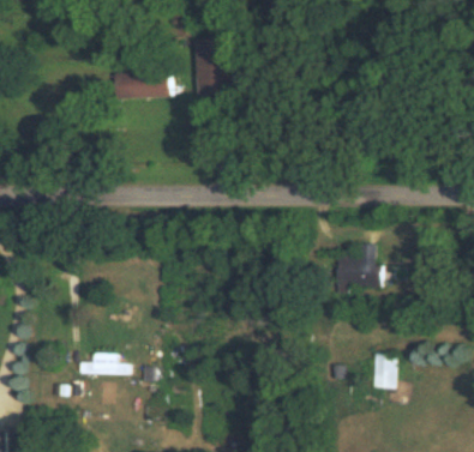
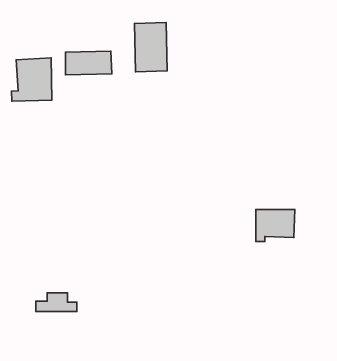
building: none -> [12,58,52,101]
building: [374,354,397,384] -> none

